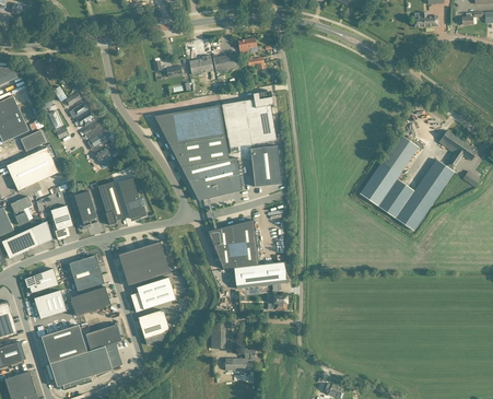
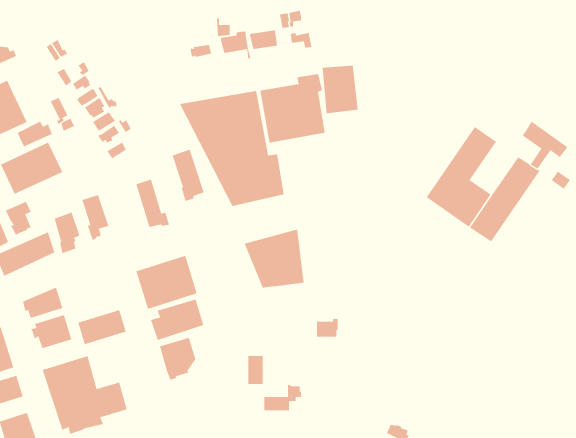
building: [250,145,281,186] -> [322,65,359,114]
building: [97,180,125,224] -> [172,149,205,202]
building: [69,254,104,291] -> none
building: [233,260,286,287] -> none
building: [85,321,121,350] -> none

